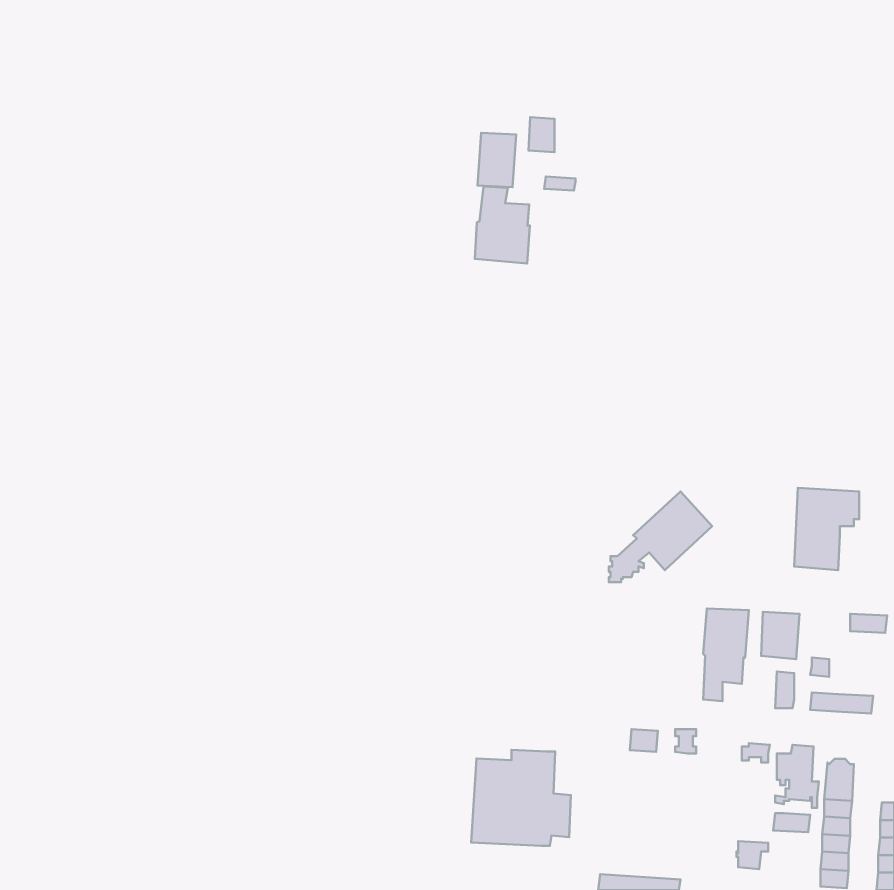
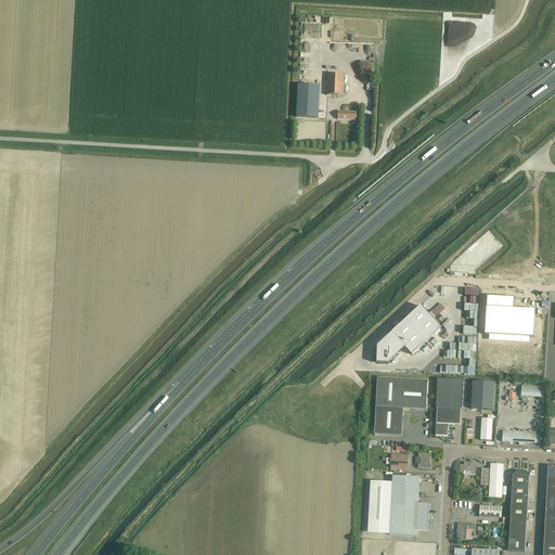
building: [475,187,530,263] -> none
building: none -> [372,376,428,435]
building: [471,750,571,846] -> [367,475,429,534]

